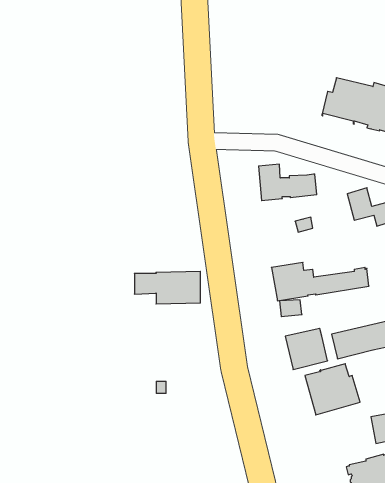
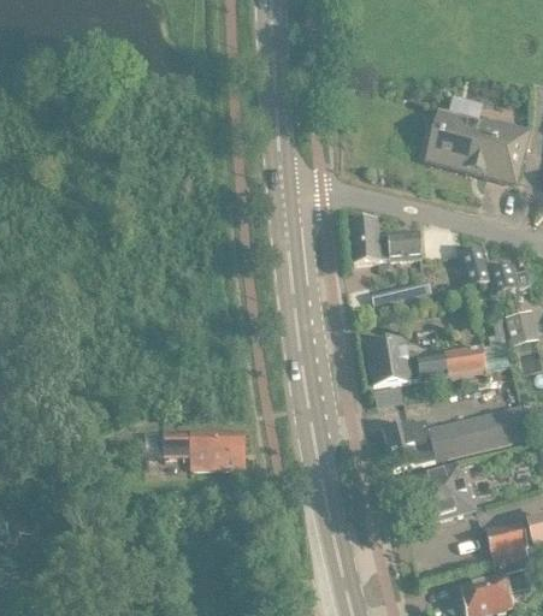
building: [134,271,200,304] -> [163,430,243,469]

